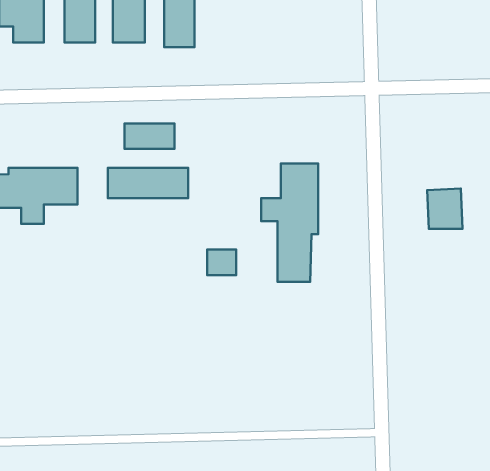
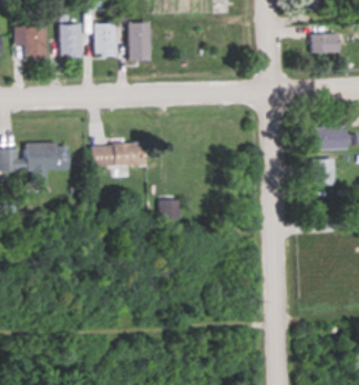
building: none -> [310,33,339,53]
building: [124,124,174,149] -> none
building: none -> [316,127,347,148]
building: [261,164,318,282] -> none

